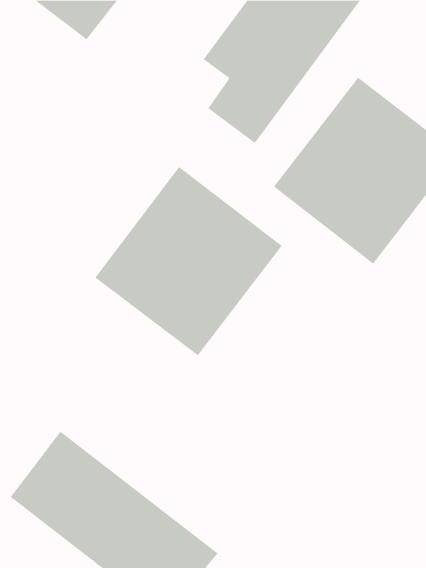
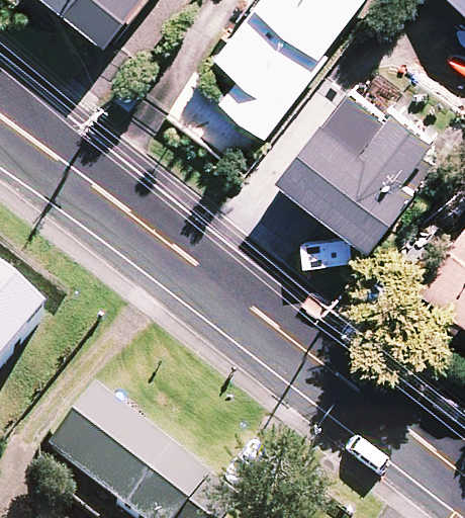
building: [95,166,283,356] -> none

